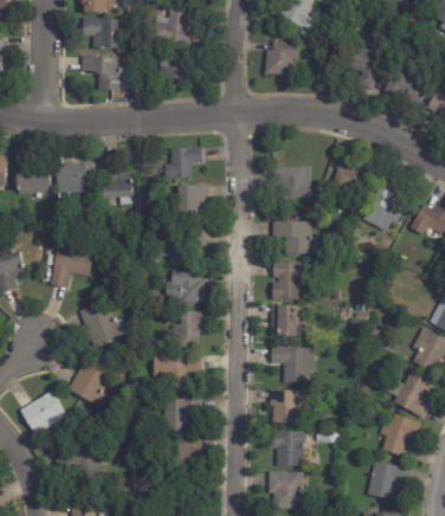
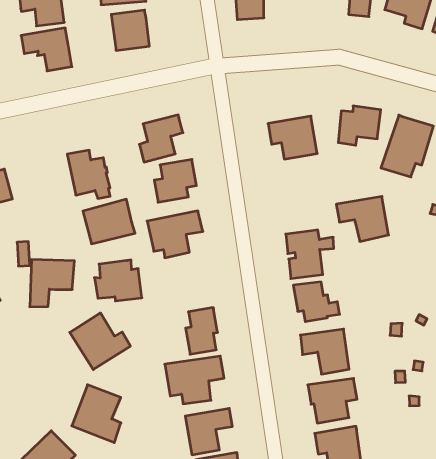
building: [54,161,95,193] -> [83,199,135,244]
building: [272,220,311,254] -> [336,196,389,241]
building: [166,270,204,304] -> [94,260,142,301]

